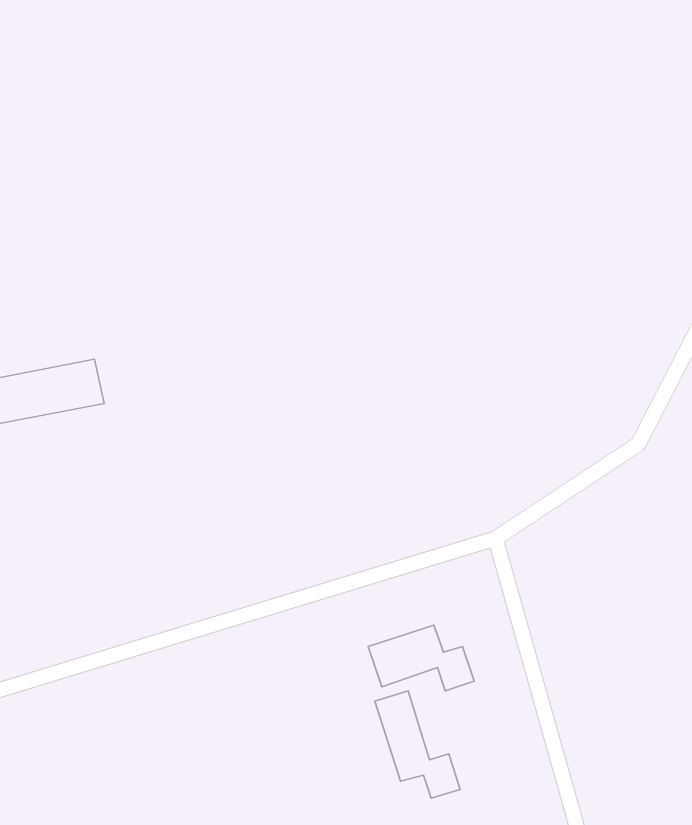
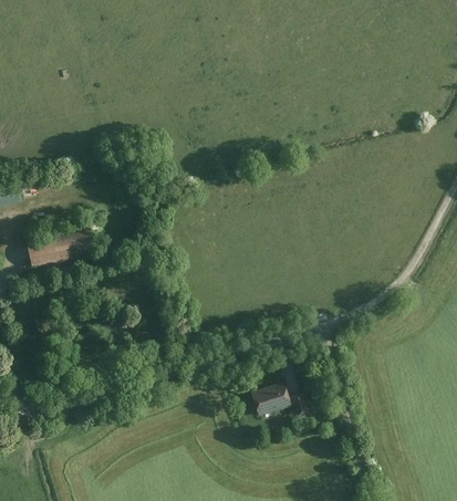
building: [375,691,460,798] -> none

